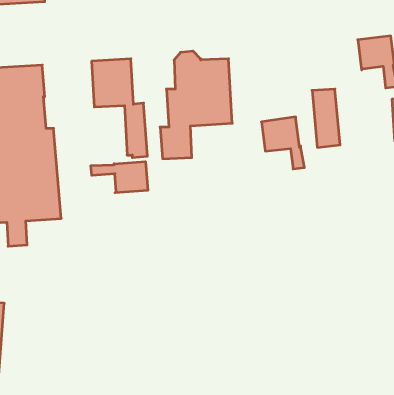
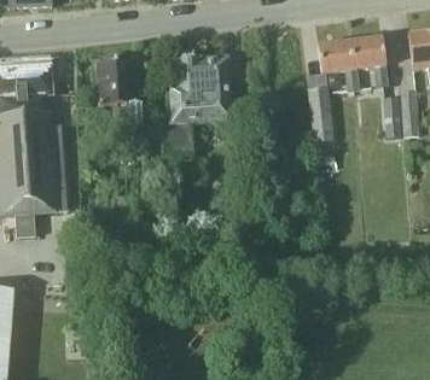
building: [261,117,304,169] -> [318,40,359,89]
building: [91,162,148,193] -> none

